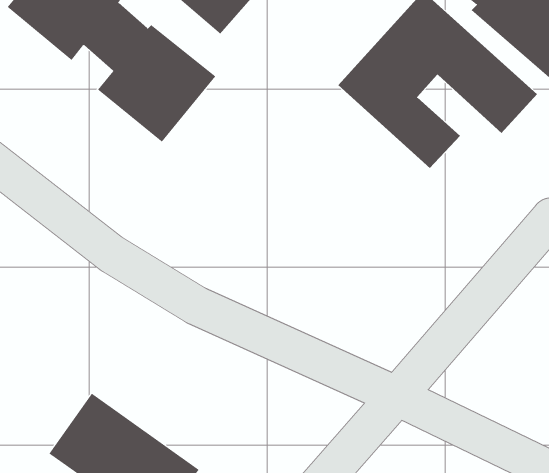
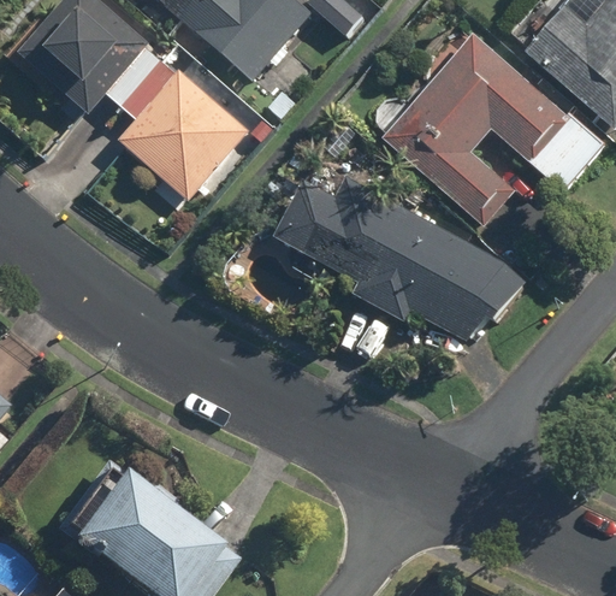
building: none -> [274,178,522,340]

